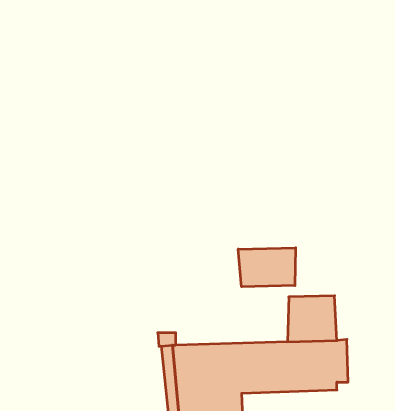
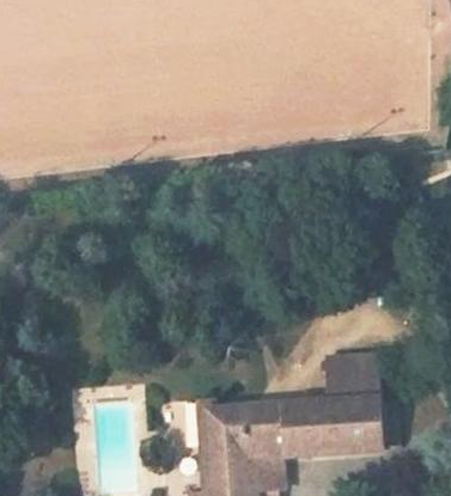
building: [238,248,296,287] -> none

